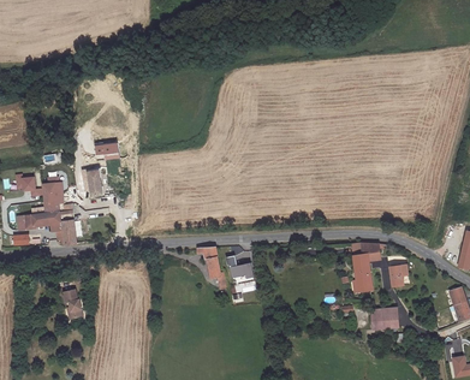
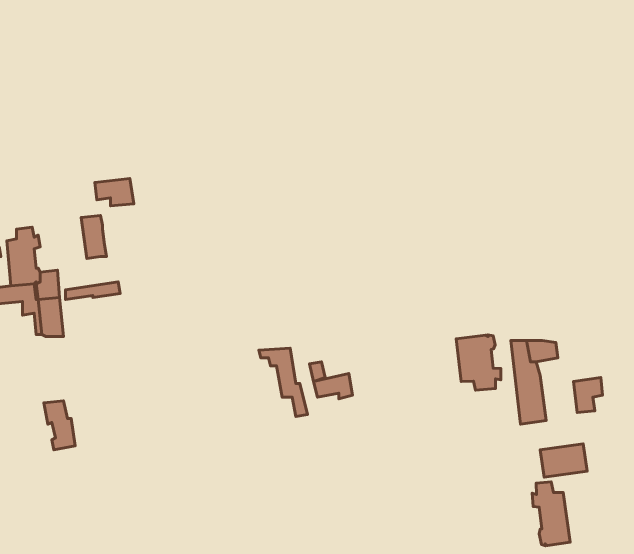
building: none -> [456,335,501,390]
building: none -> [532,482,570,546]

